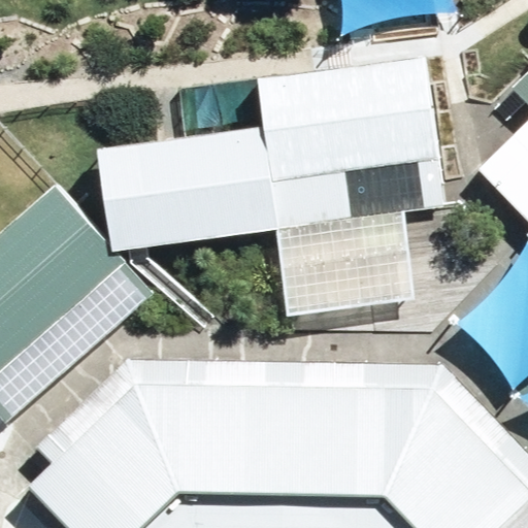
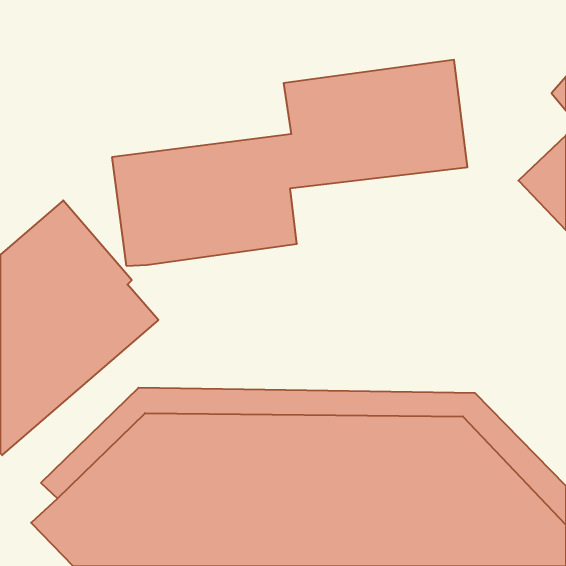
building: [270,156,440,318] -> none

